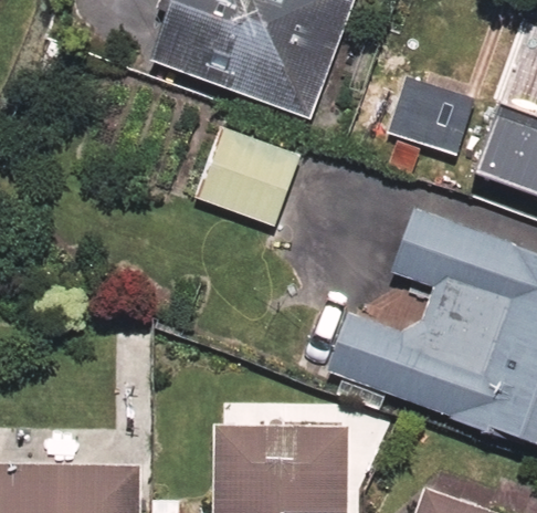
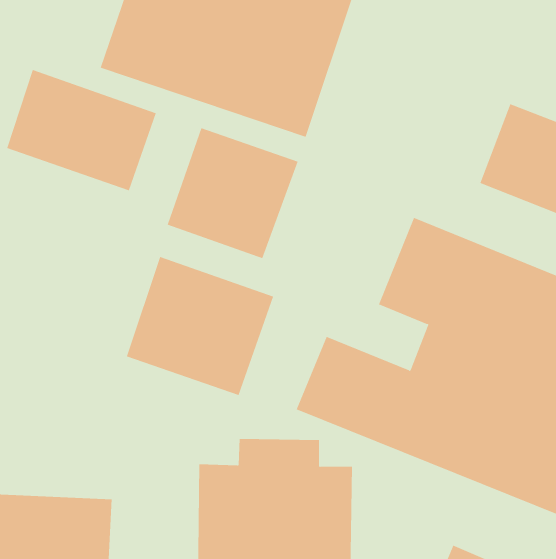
building: none -> [6,69,157,191]
building: none -> [126,256,274,396]

